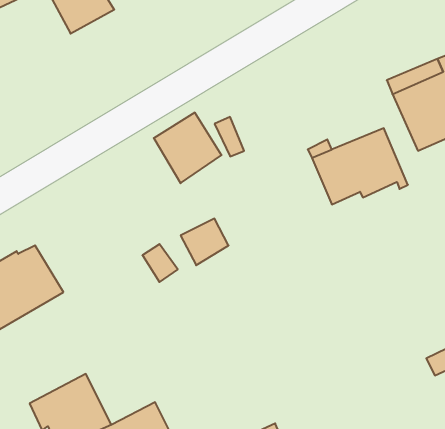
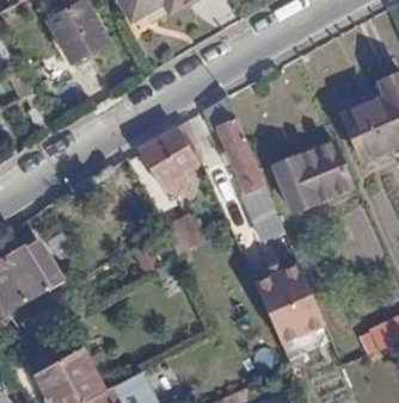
building: none -> [203,98,284,241]
building: none -> [263,262,325,355]

